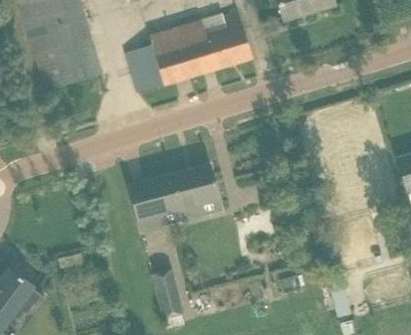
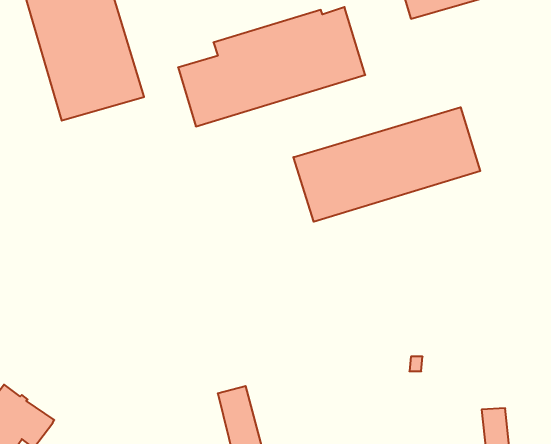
building: none -> [293,107,480,222]
building: [128,164,219,230] -> none

